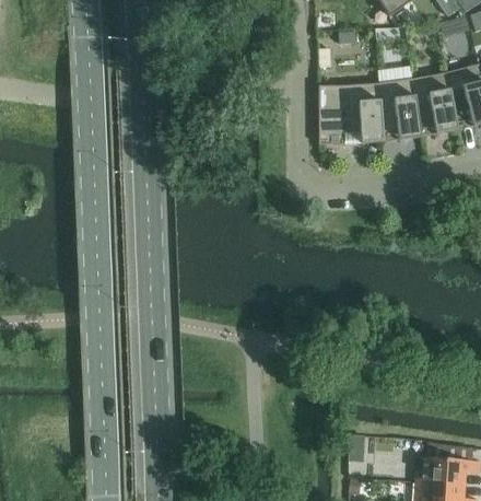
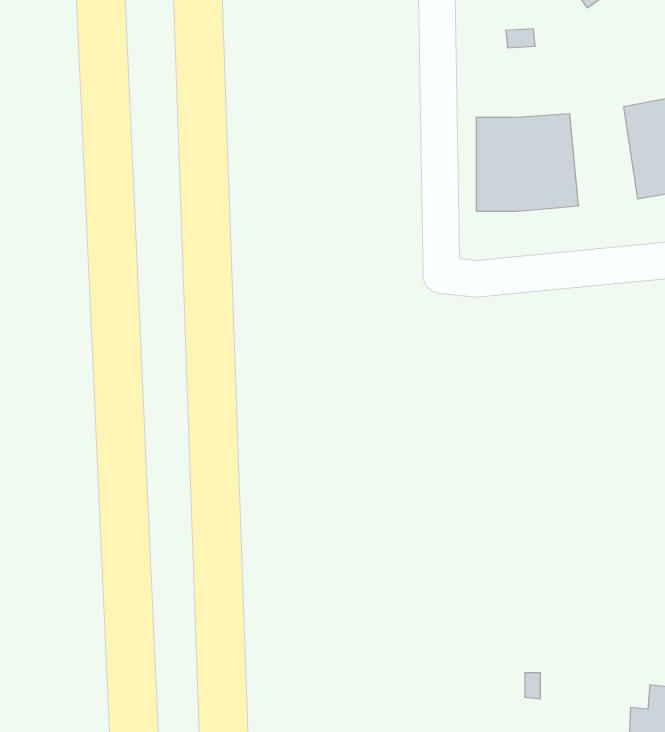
building: [378,80,421,142] -> none

